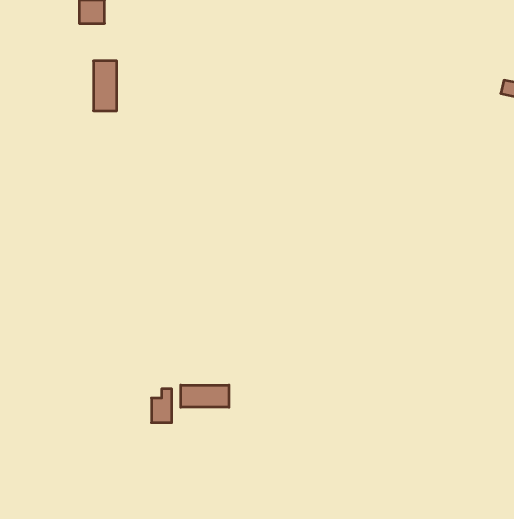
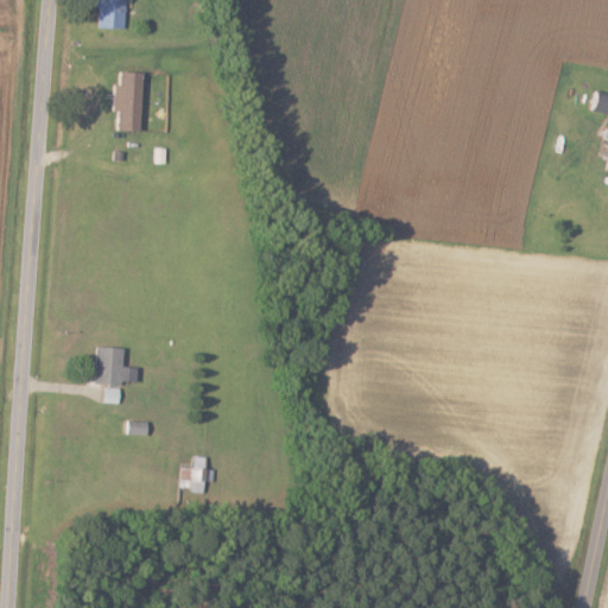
building: none -> [96,347,127,386]
building: [181,385,229,407] -> none

